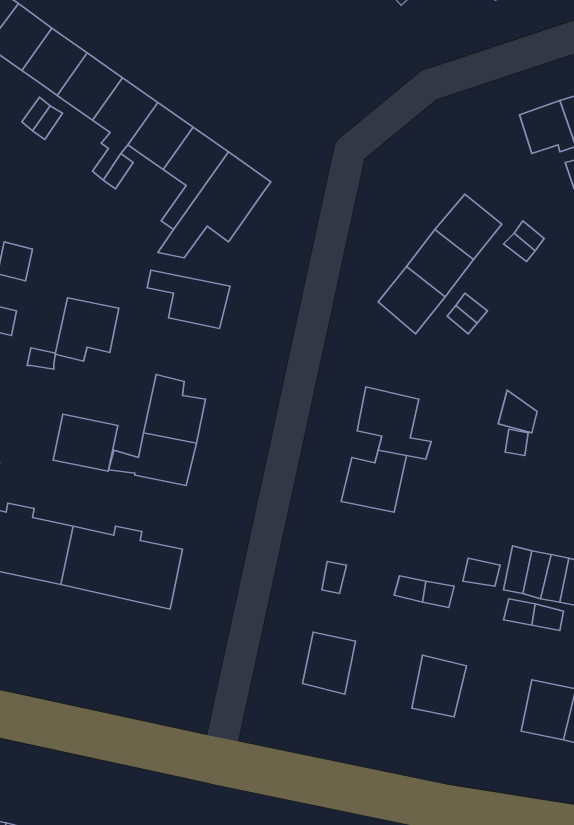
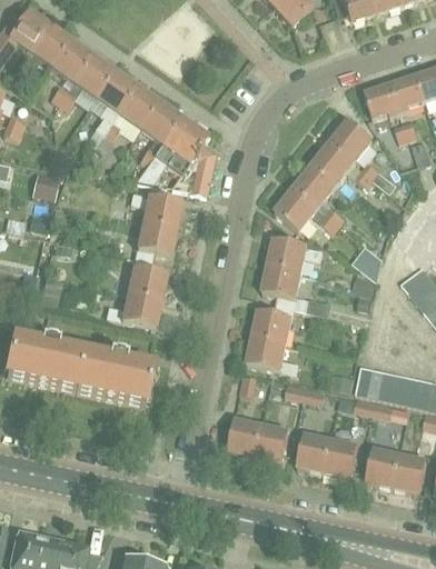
building: none -> [330,119,373,161]
building: none -> [172,142,215,193]
building: [55,298,119,361] -> [136,220,176,260]
building: none -> [268,237,323,271]
building: [53,414,118,471] -> none
building: none -> [247,336,298,372]
building: none -> [255,423,289,462]
building: none -> [324,439,358,477]

